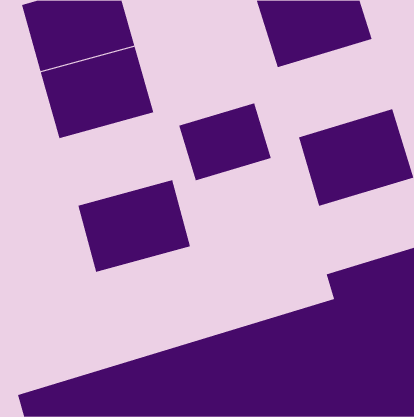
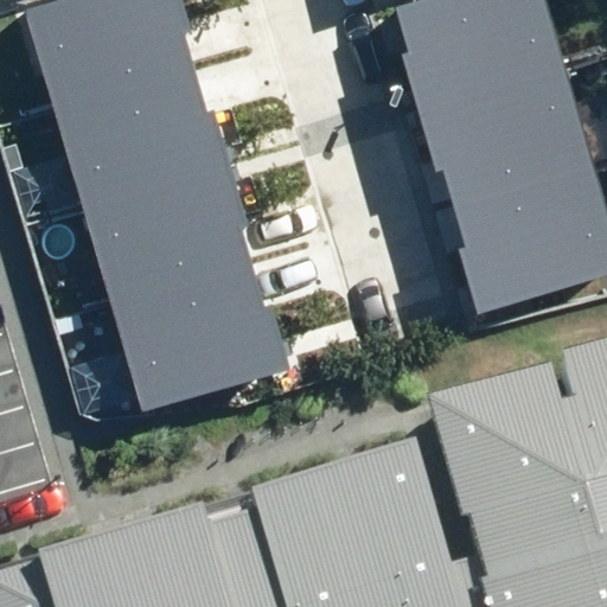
building: none -> [407,57,575,199]
building: [178,102,271,181] -> none
building: none -> [89,164,255,299]

